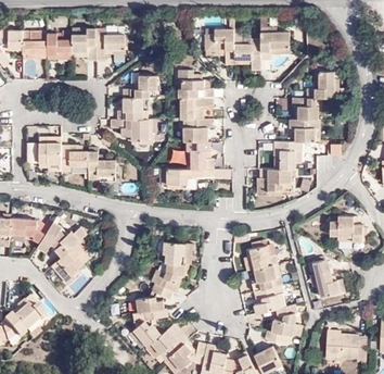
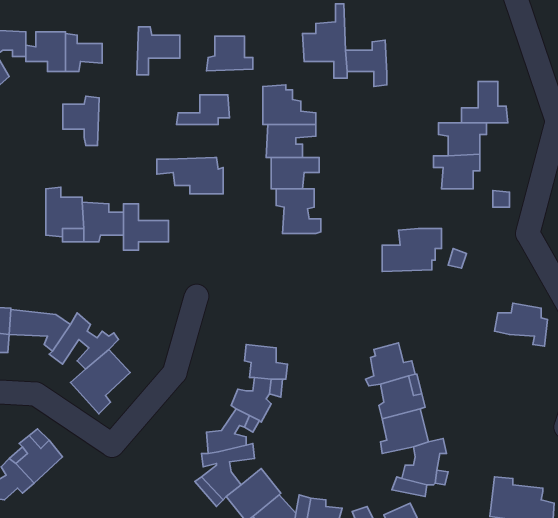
building: [257,30,287,63] -> none
building: [72,32,95,64] -> [63,96,99,146]
building: [115,97,145,120] -> [206,36,253,71]
building: [272,139,302,165] -> none
building: [165,169,212,189] -> none
building: [312,258,340,295] -> none

